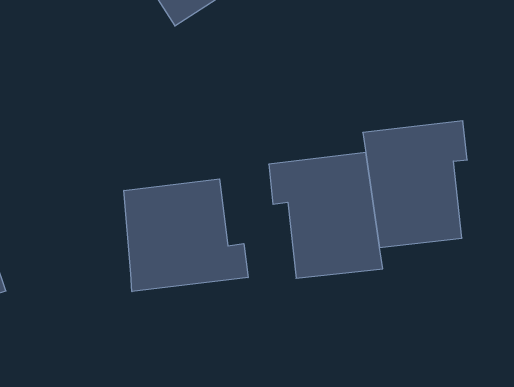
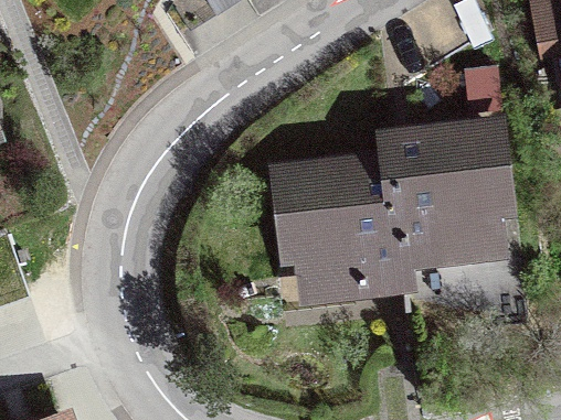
building: [124,179,248,292] -> none

